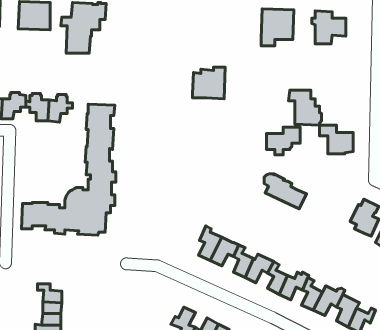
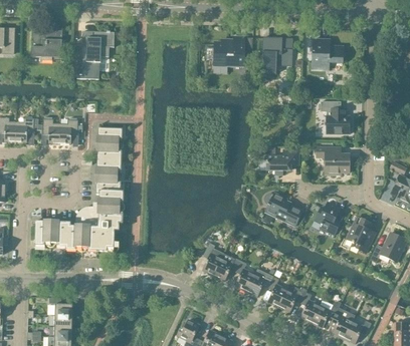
building: [192,67,225,99] -> [213,36,244,66]
building: [289,90,321,125] -> [320,100,351,133]
building: none -> [315,202,341,235]

